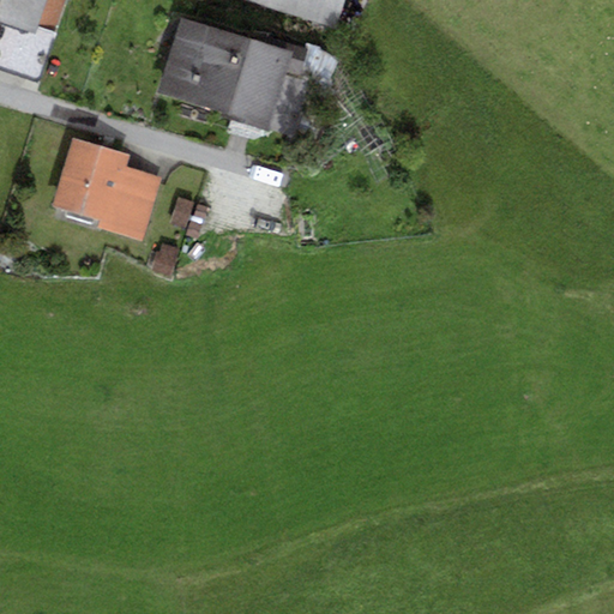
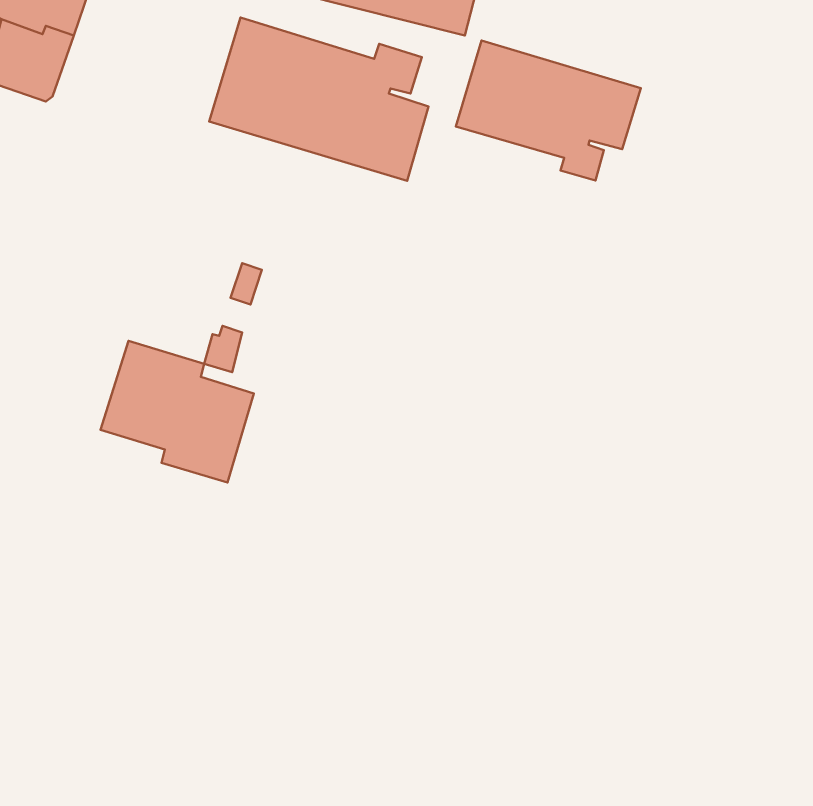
building: none -> [456,40,641,181]
building: [53,137,164,240] -> [100,341,254,482]

